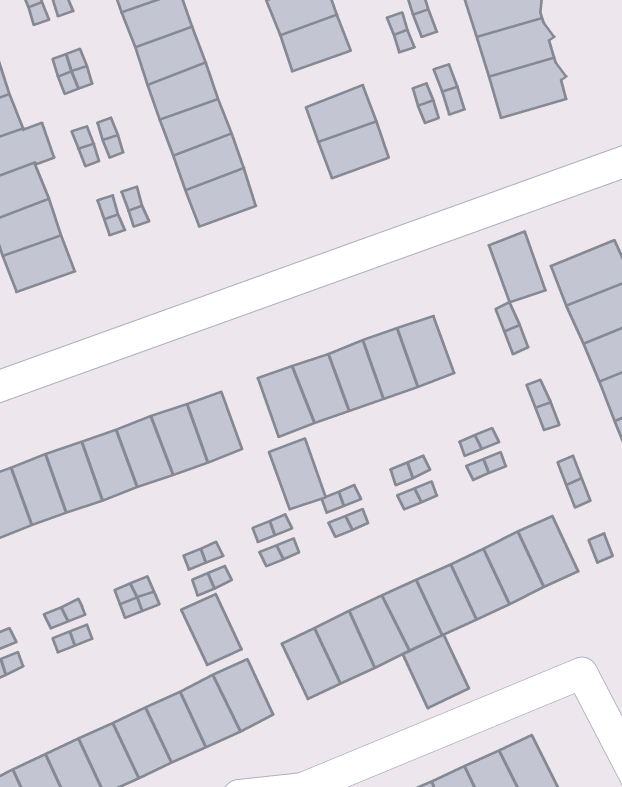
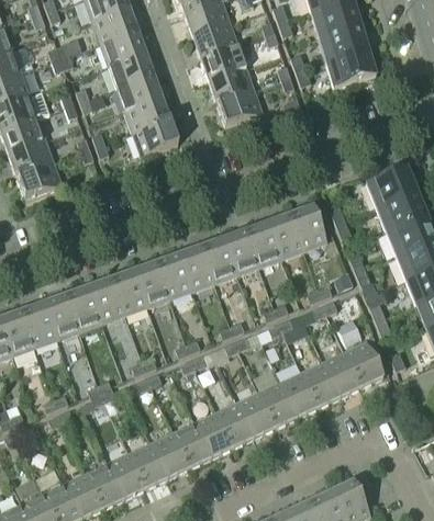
building: none -> [201,45,246,81]
building: [489,232,546,302] -> [291,205,327,250]
building: [269,439,326,509] -> [156,253,192,298]
building: [181,594,242,665] -> [173,422,211,467]
building: [403,634,469,708] -> none

